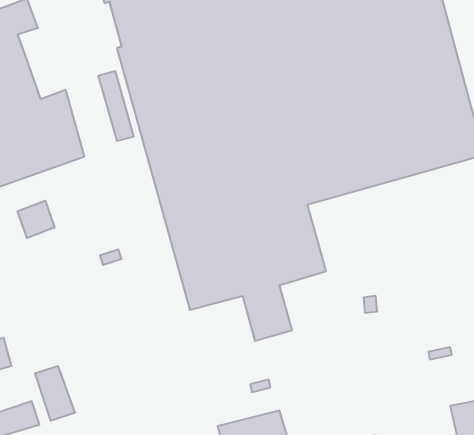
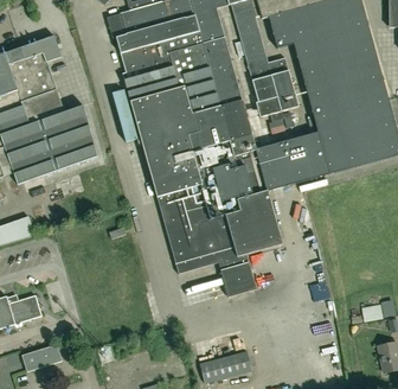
building: [18,201,55,238] -> none
building: [35,366,75,421] -> none

